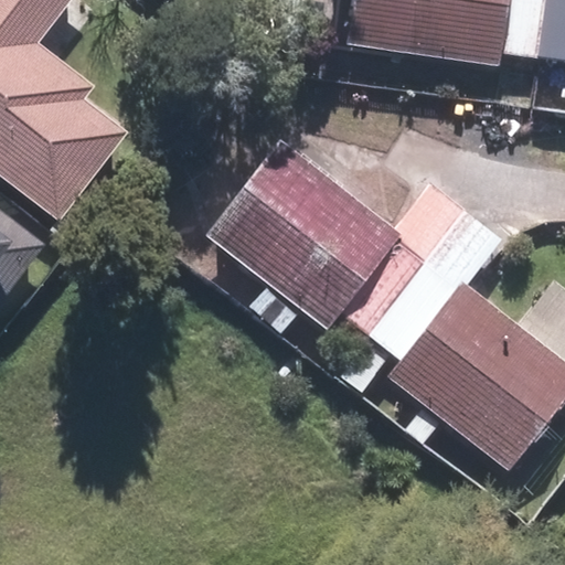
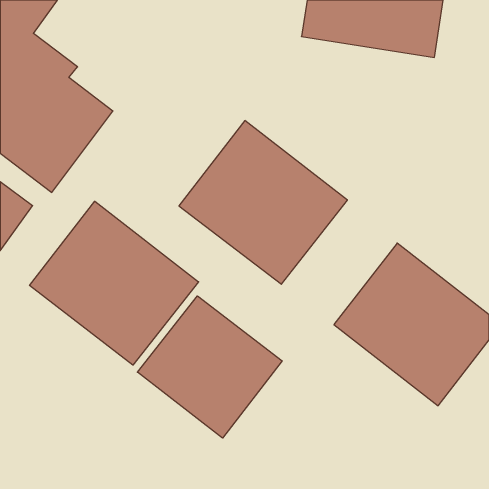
building: none -> [30,201,199,365]
building: none -> [137,296,282,438]

